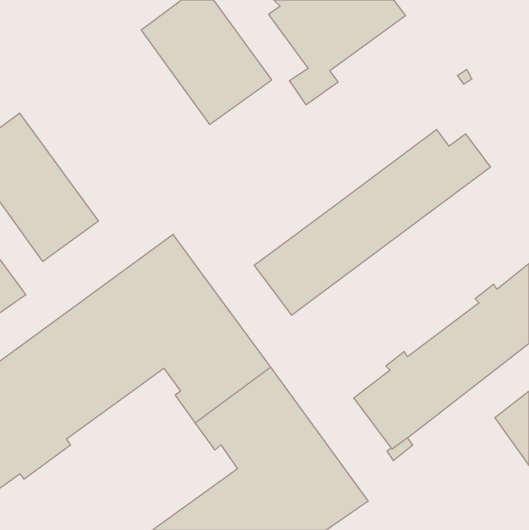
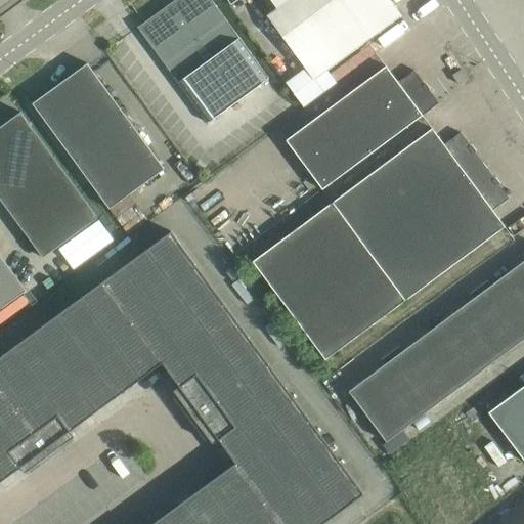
building: none -> [32,63,163,209]
building: none -> [285,66,438,189]
building: none -> [288,165,509,360]

